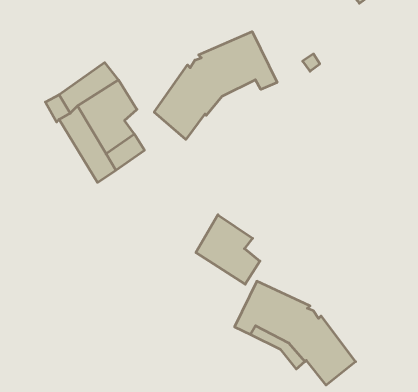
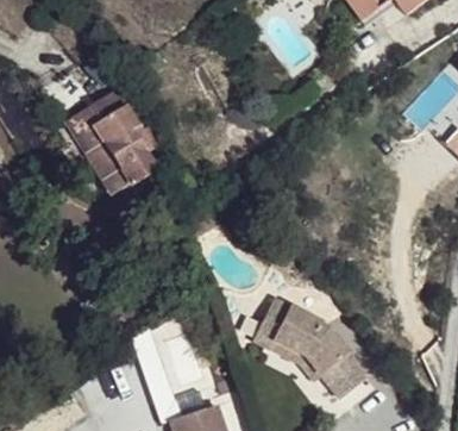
building: [154,32,277,139] -> none
building: [196,215,260,284] -> none

